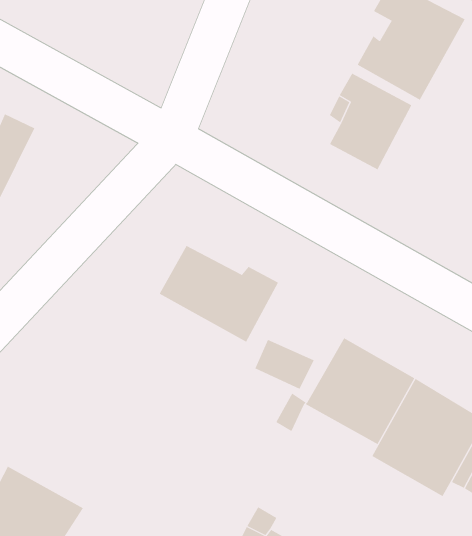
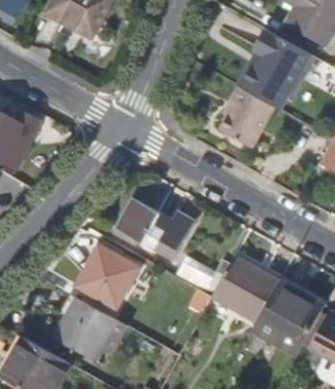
building: none -> [76,245,135,304]
building: none -> [51,298,125,362]

